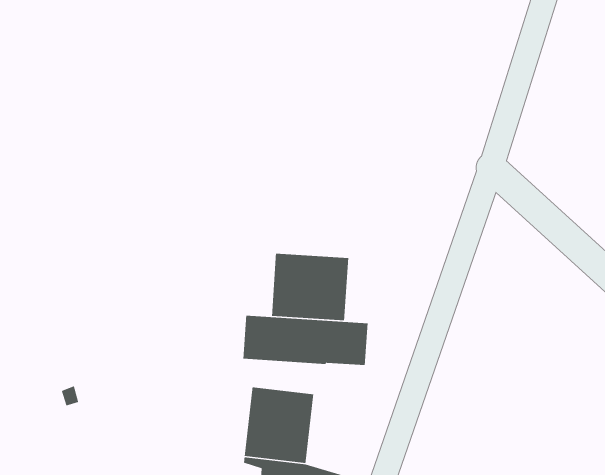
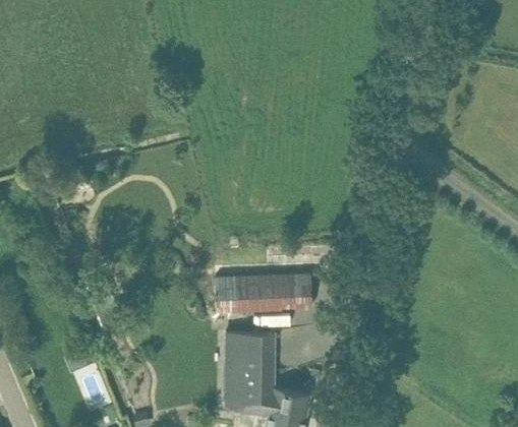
building: [271,253,349,321] -> none

